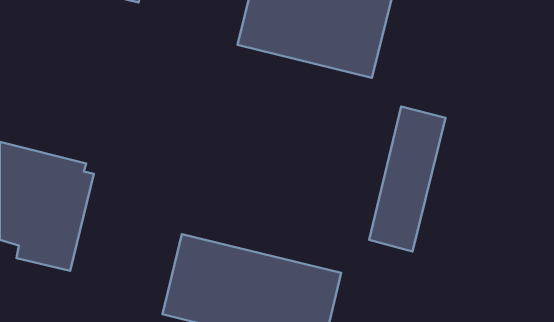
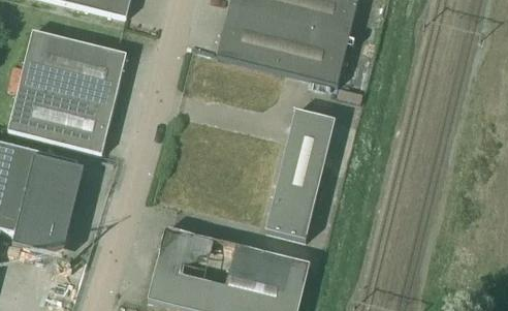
building: none -> [7,29,127,153]
building: [369,107,446,251] -> [266,107,336,239]

